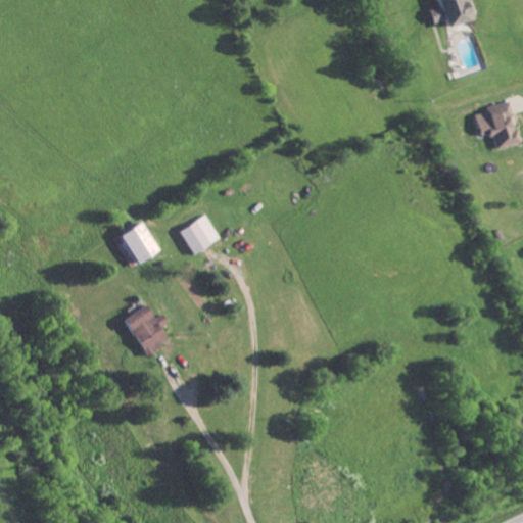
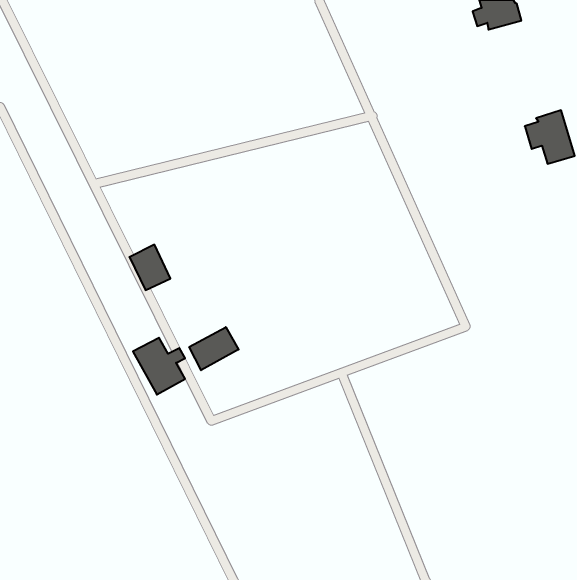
building: [179,213,221,254] -> none
building: none -> [189,327,239,370]

